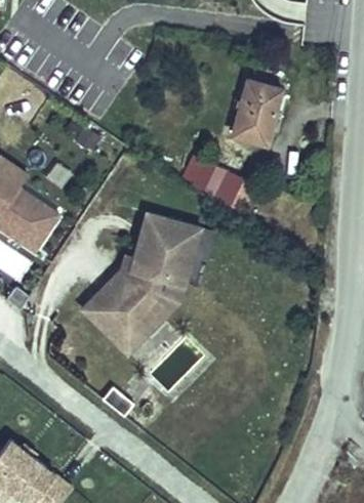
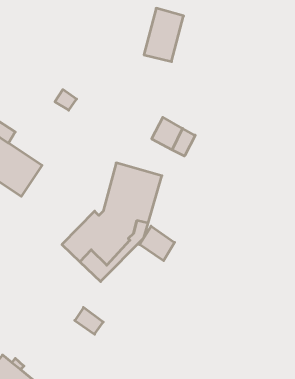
building: [233,78,280,141] -> [144,8,184,62]
building: none -> [139,226,175,261]

